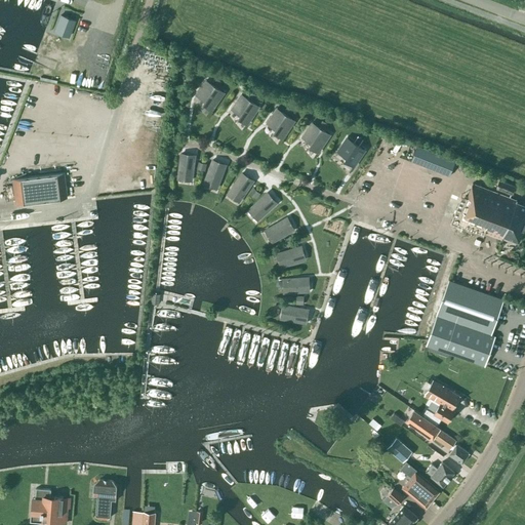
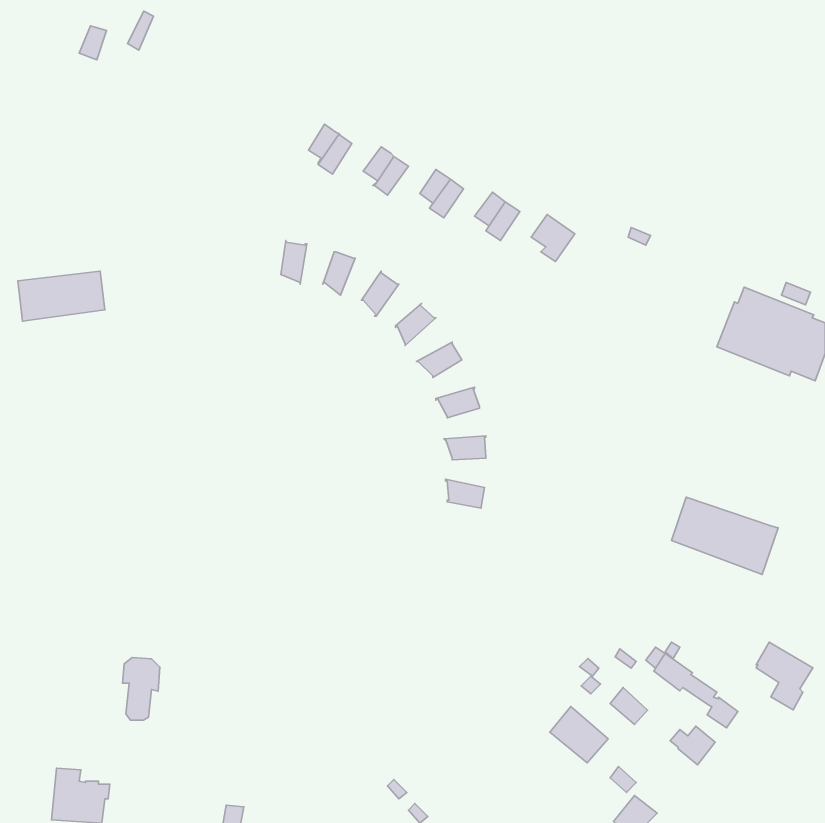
building: [411,147,455,176] -> none
building: [436,281,503,335] -> none
building: [425,379,460,422] -> [756,642,813,710]
building: [402,472,439,508] -> [550,707,608,763]
building: [93,480,117,520] -> [123,657,160,720]

